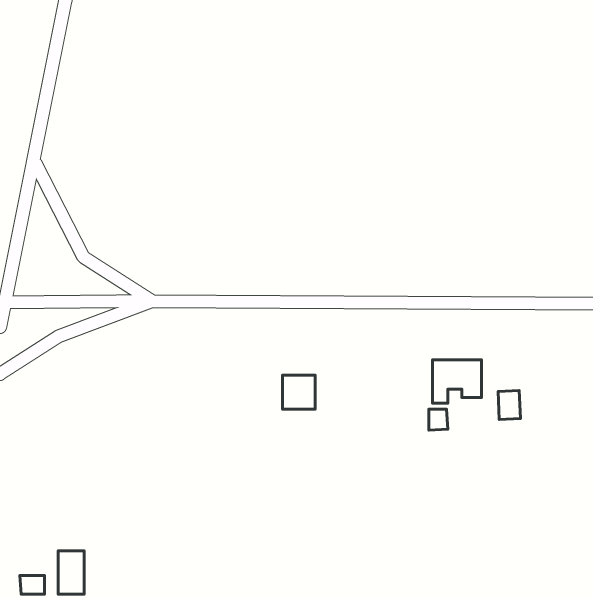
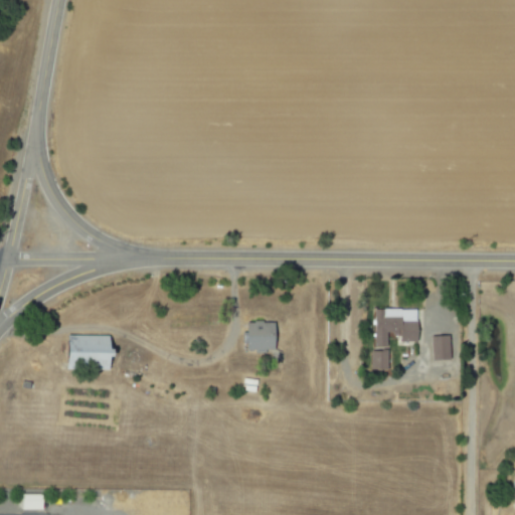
building: none -> [65,335,111,368]
building: [58,551,84,594] -> none

